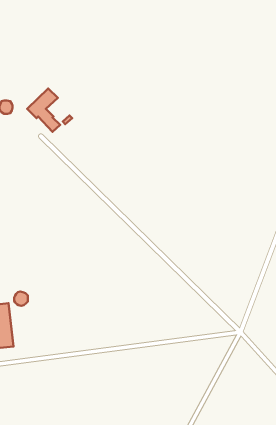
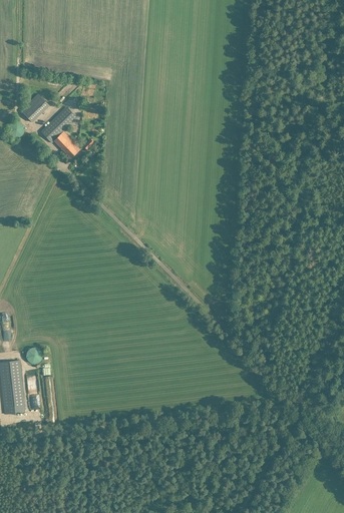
building: none -> [20,94,48,122]

